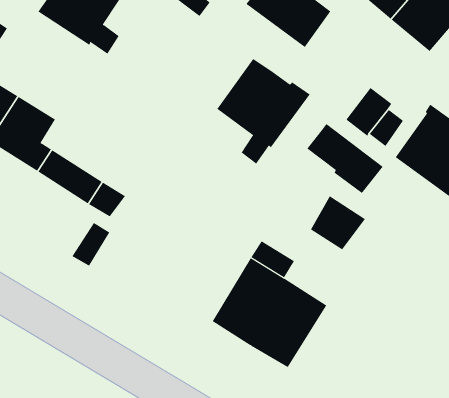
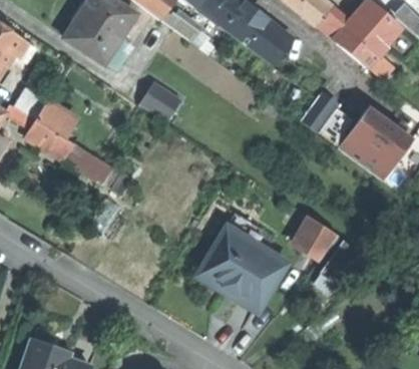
building: [217,58,311,165] -> none
building: none -> [139,81,182,121]
building: [307,123,383,194] -> none
building: [310,196,366,250] -> [295,217,338,259]

